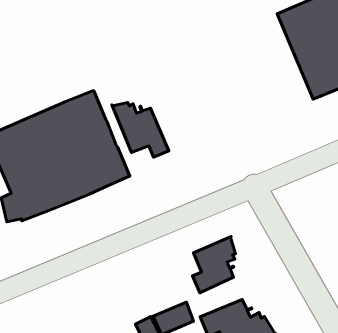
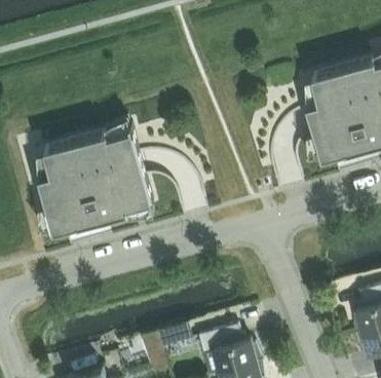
building: [112,102,169,157] -> none
building: [192,237,235,293] -> none

